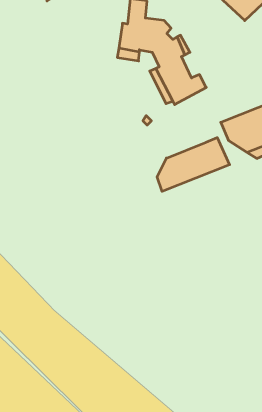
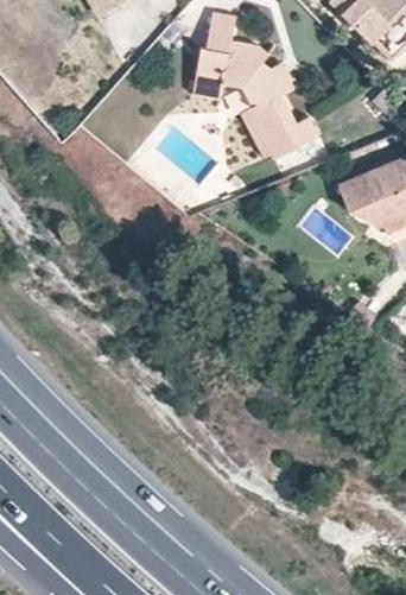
building: [157,138,230,191] -> none

